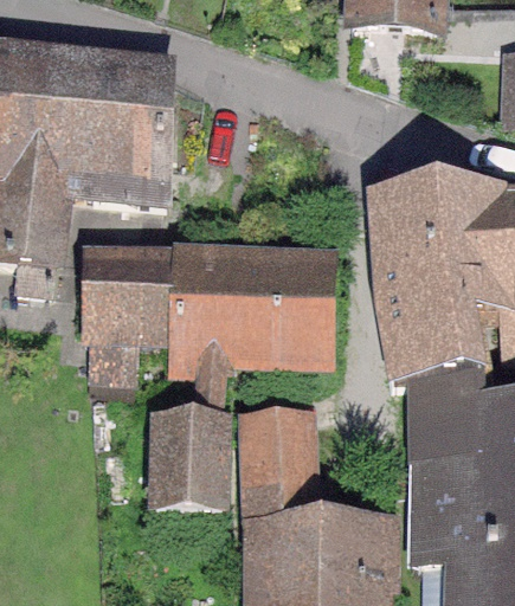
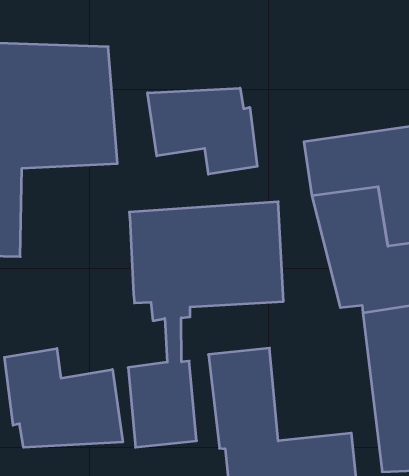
building: none -> [148,88,257,174]
building: [89,258,175,375] -> none
building: none -> [4,348,123,447]

